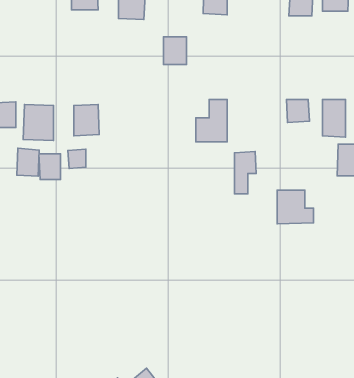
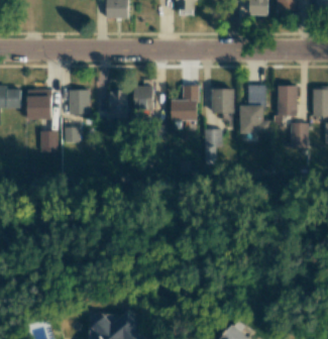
building: [163,37,186,65] -> [134,86,153,109]
building: none -> [212,89,235,113]
building: none -> [109,90,128,119]
building: [17,148,39,176] -> none
building: [277,190,313,224] -> [240,105,270,133]

